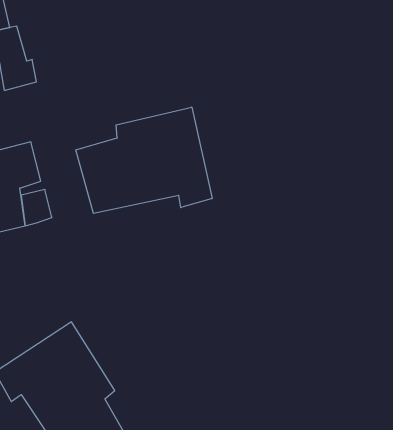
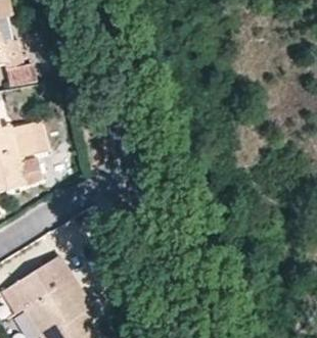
building: [76,107,212,213] -> none

